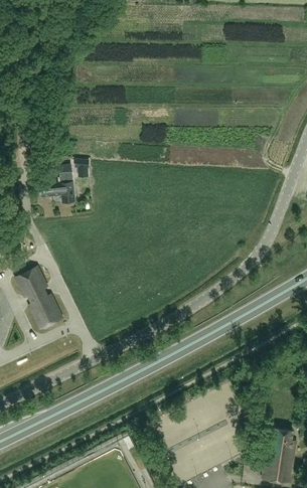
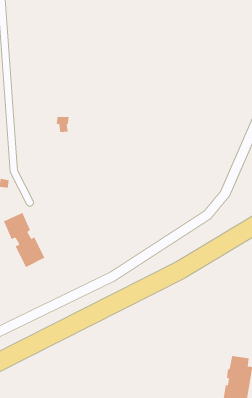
building: [40,166,74,203] -> none

